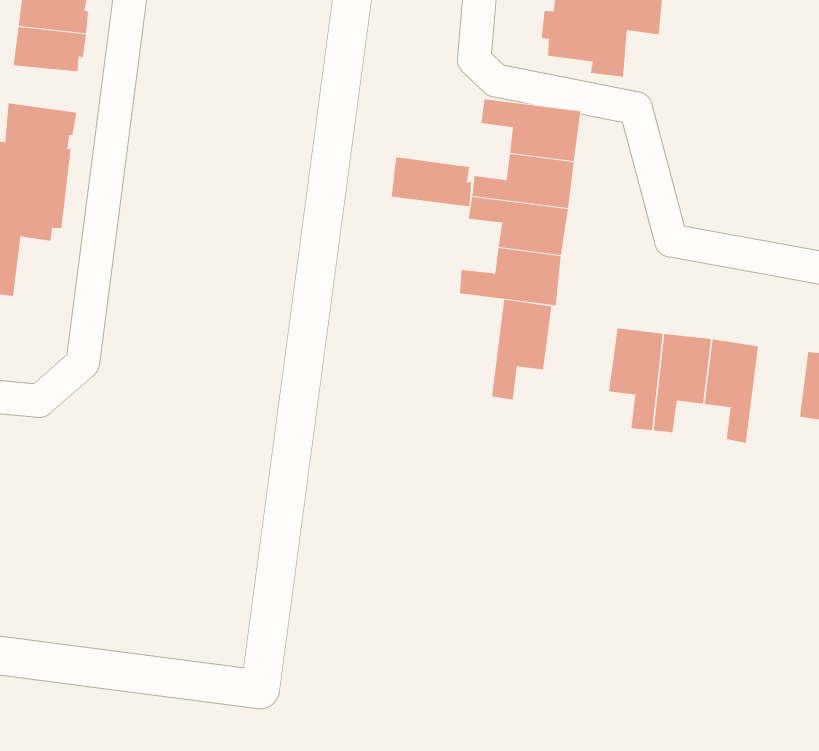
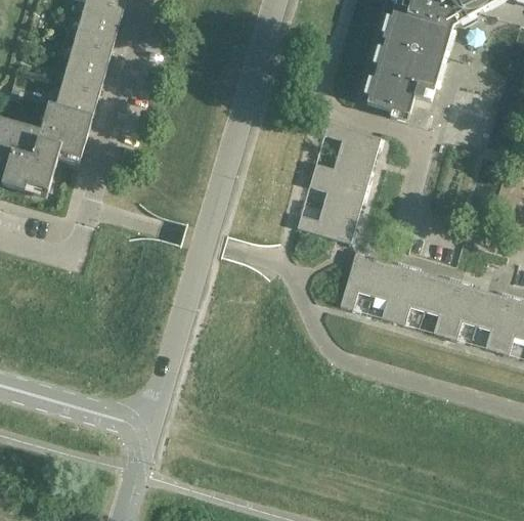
building: none -> [60,61,102,93]
building: [391,156,472,207] -> none
building: [491,299,552,400] -> [339,252,381,309]
building: none -> [443,283,485,339]

